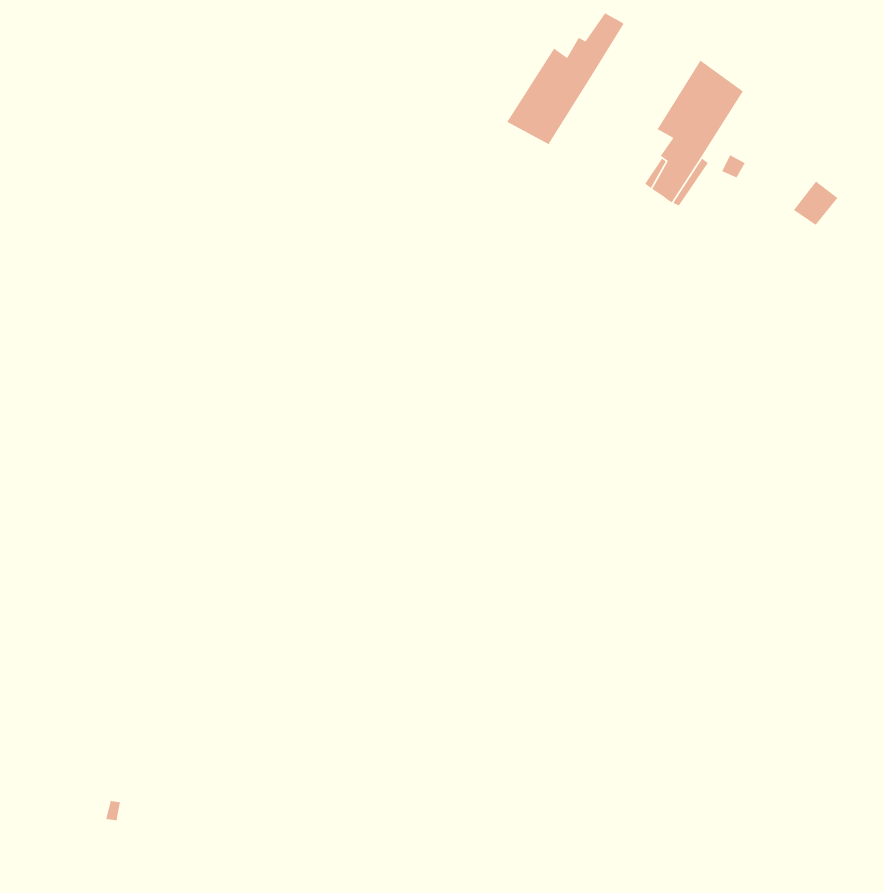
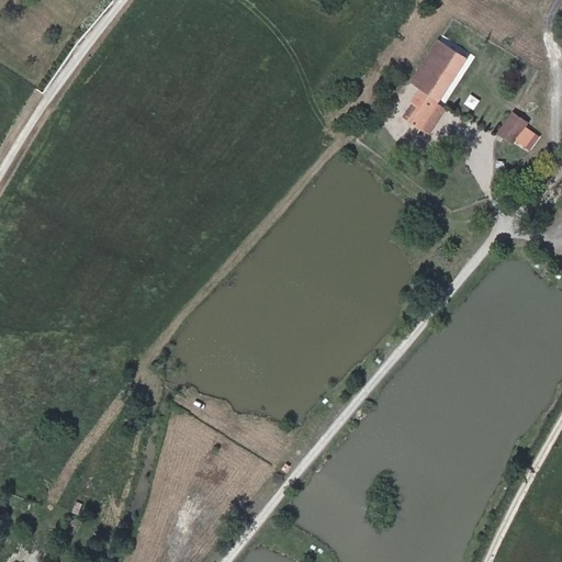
building: [506,12,624,145] -> none

